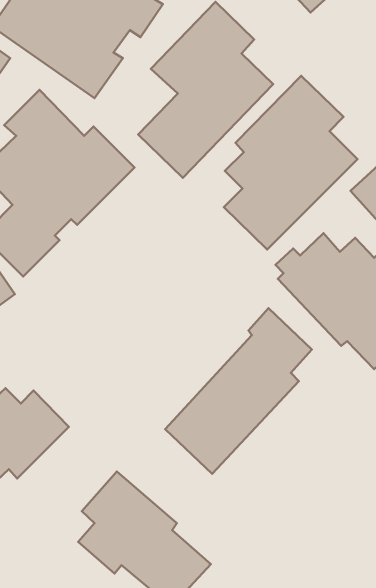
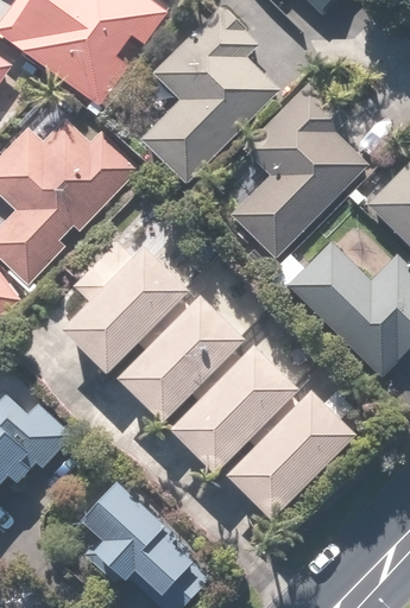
building: none -> [65,226,209,372]
building: none -> [121,270,264,422]
building: none -> [232,372,360,518]

